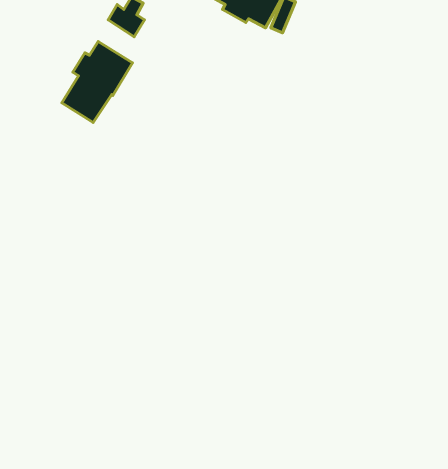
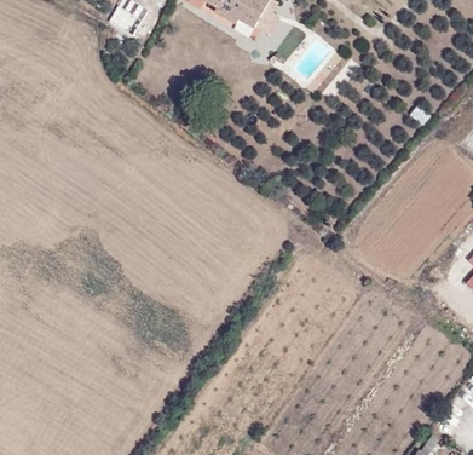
building: [62,42,132,122] -> none

